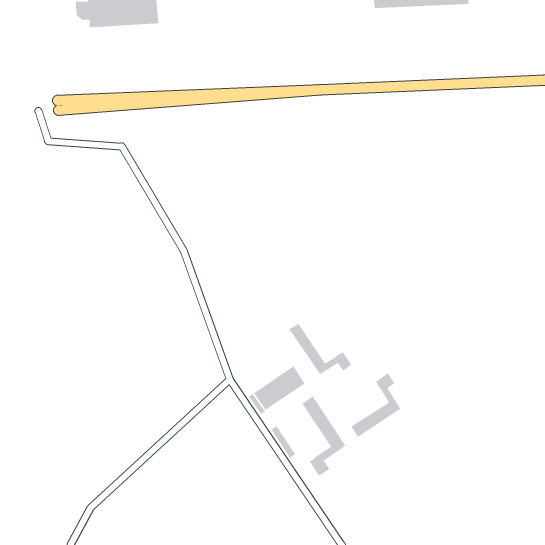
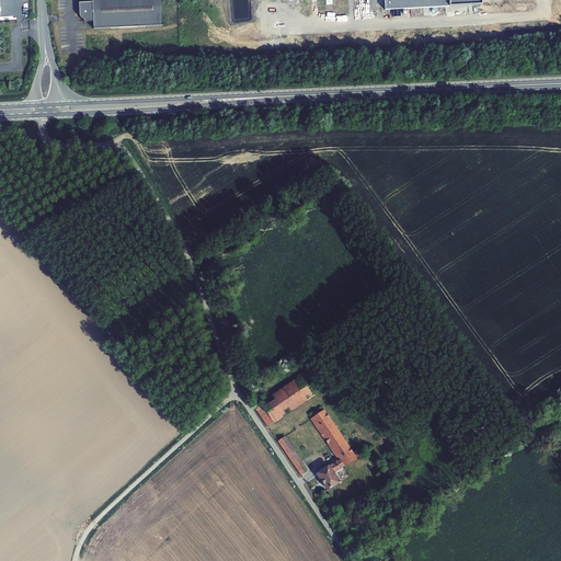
building: [288,323,352,375] -> none
building: [351,373,401,438] -> none

